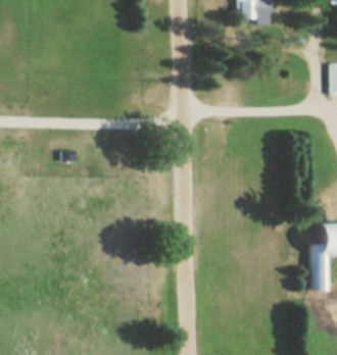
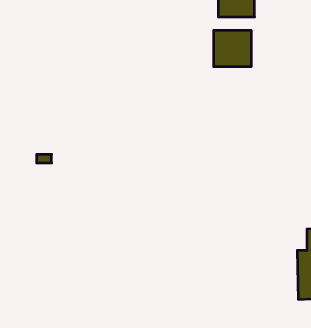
building: none -> [214,30,251,67]

